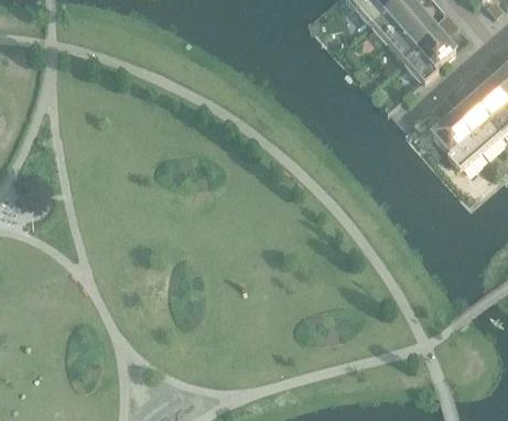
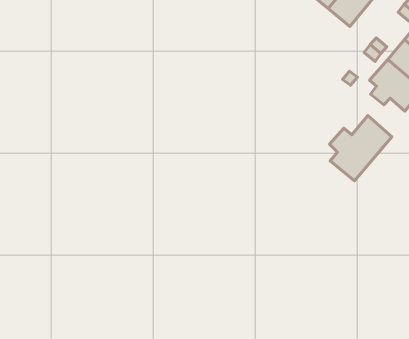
building: none -> [329,116,392,181]

